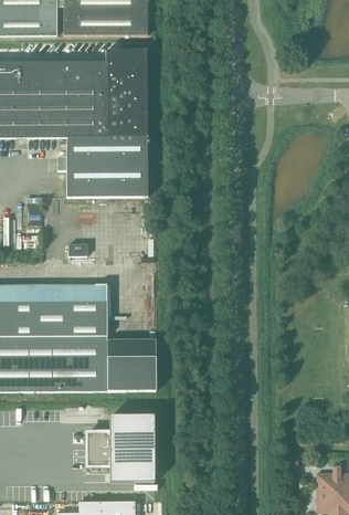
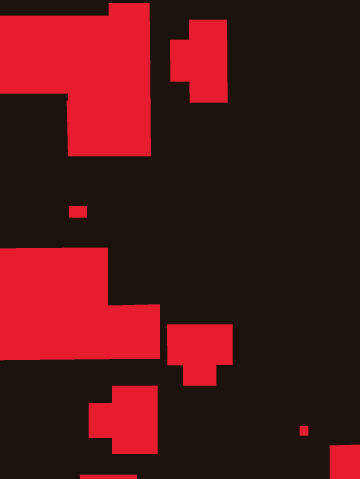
building: none -> [169,19,228,103]
building: none -> [167,324,233,387]

